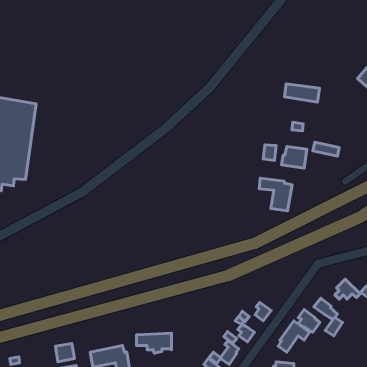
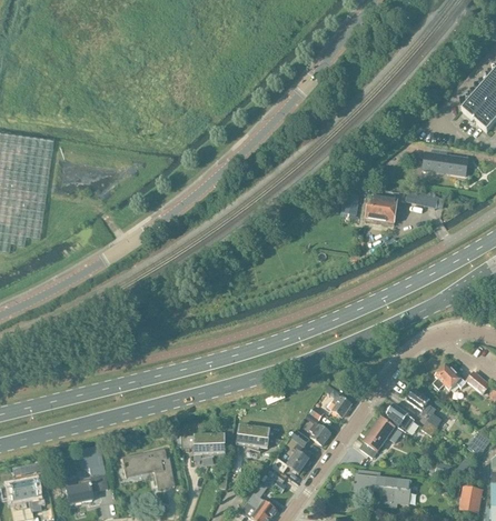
building: [284,84,319,102] -> [423,152,467,176]
building: [259,178,292,211] -> none
building: none -> [235,424,275,451]

